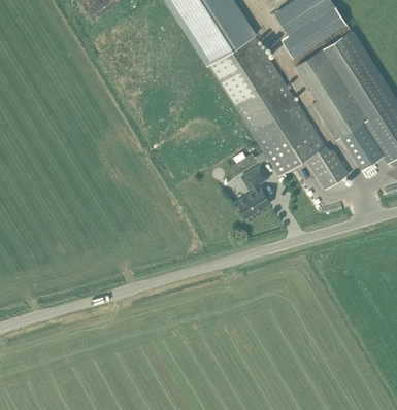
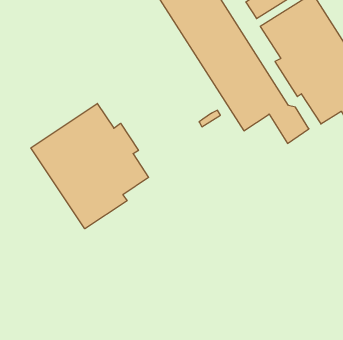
building: none -> [31,103,149,229]
building: [238,165,270,216] -> none

